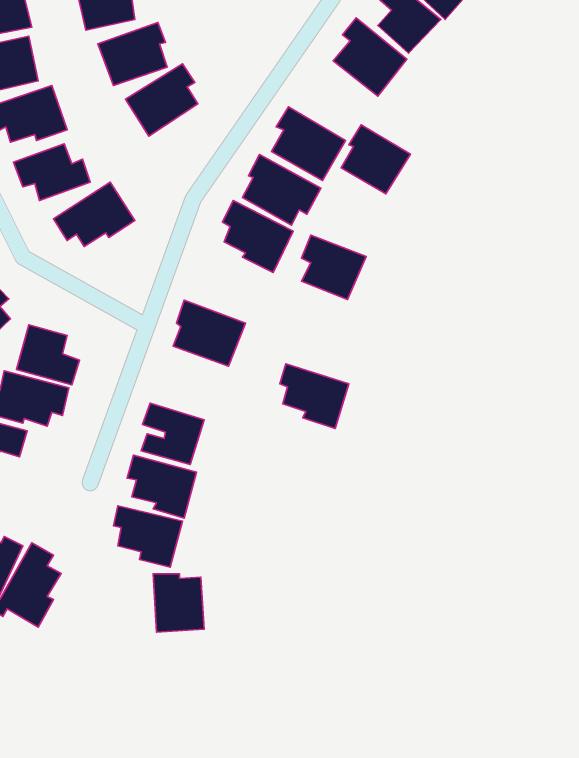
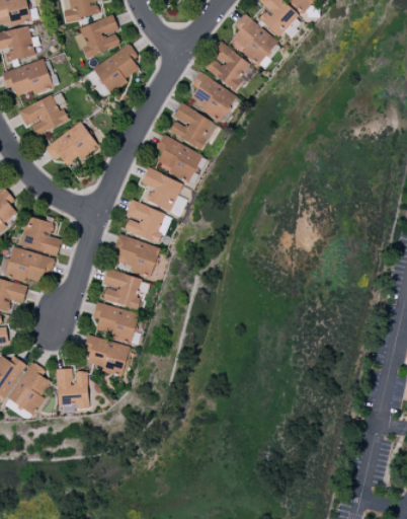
building: [341,125,410,194] -> [206,44,251,89]
building: [302,235,366,300] -> [141,169,183,212]
building: [280,364,349,428] -> [114,235,160,278]
building: [153,574,204,632] -> [56,369,89,407]

